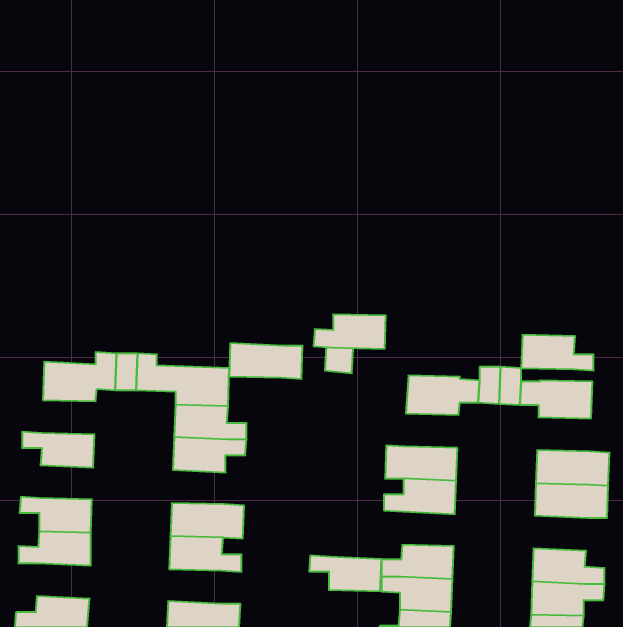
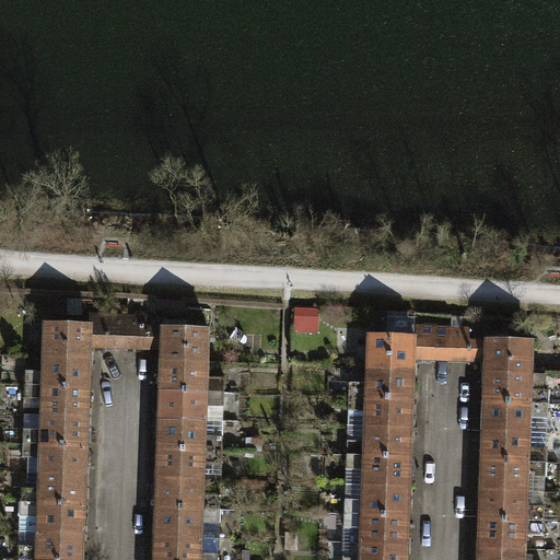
building: [314,314,386,349] -> [348,369,412,399]
building: [521,335,594,371] -> [482,372,547,404]
building: [229,343,303,379] -> [156,419,222,451]
building: none -> [23,357,89,387]
building: none -> [22,415,86,445]
building: none -> [479,459,545,491]
building: [309,556,381,591] -> [345,455,409,487]
building: none -> [19,502,84,534]
building: none -> [153,508,219,538]

